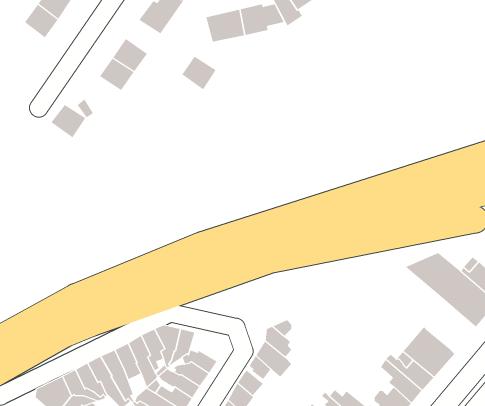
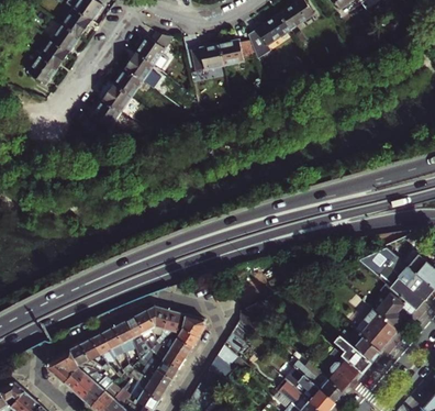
building: none -> [27,54,57,82]
building: [181,56,217,90] -> [124,52,154,80]
building: [51,104,86,138] -> [91,99,121,127]
building: none -> [377,282,417,326]
building: none -> [178,313,208,337]

